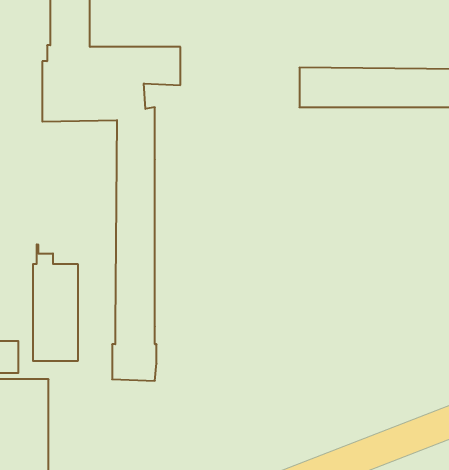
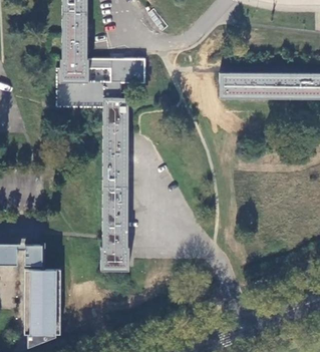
building: [33,244,78,361] -> none

